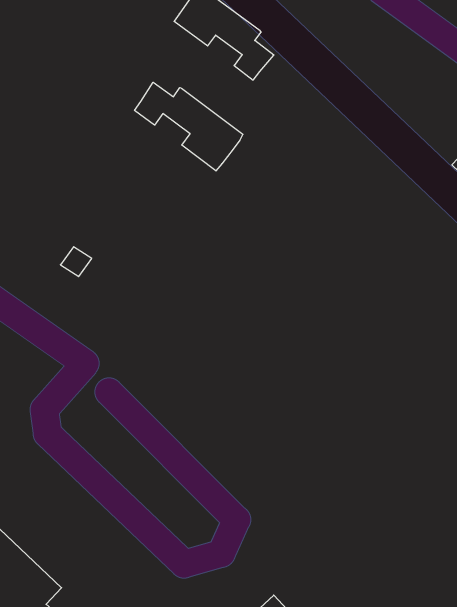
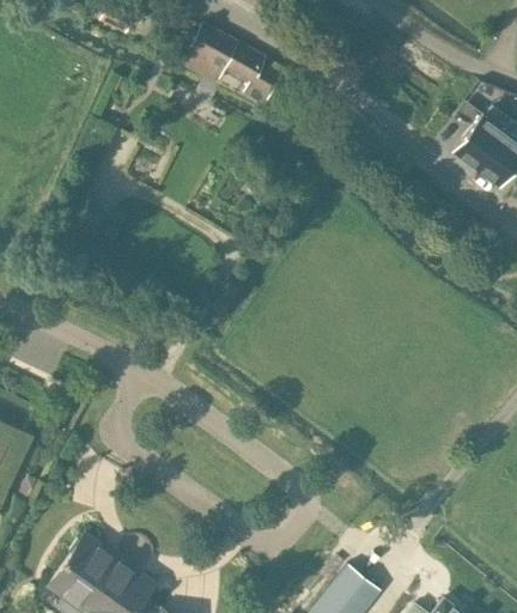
building: [135,82,243,171] -> none

